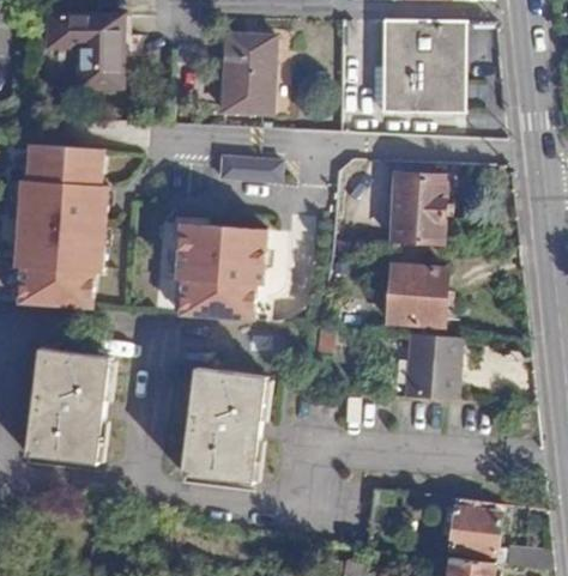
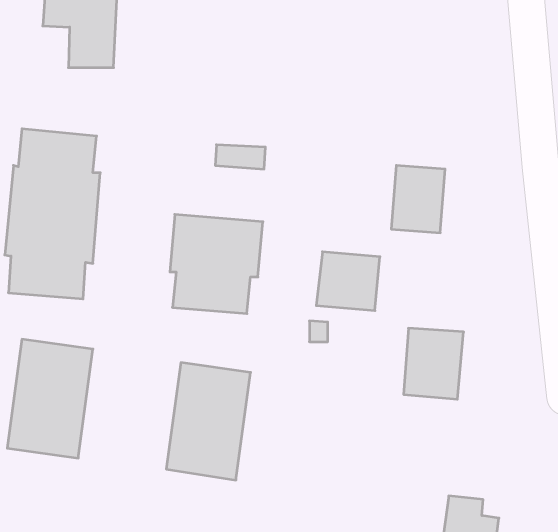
building: [382,22,467,114] -> none
building: [220,32,272,110] -> none
building: [388,267,451,325] -> [316,252,380,311]

